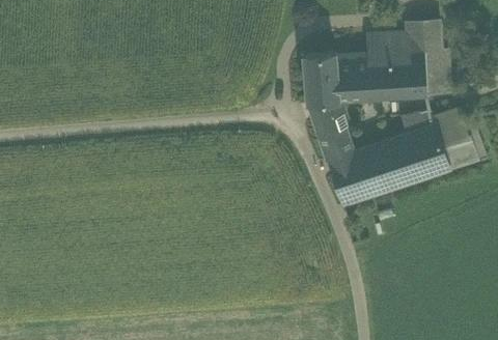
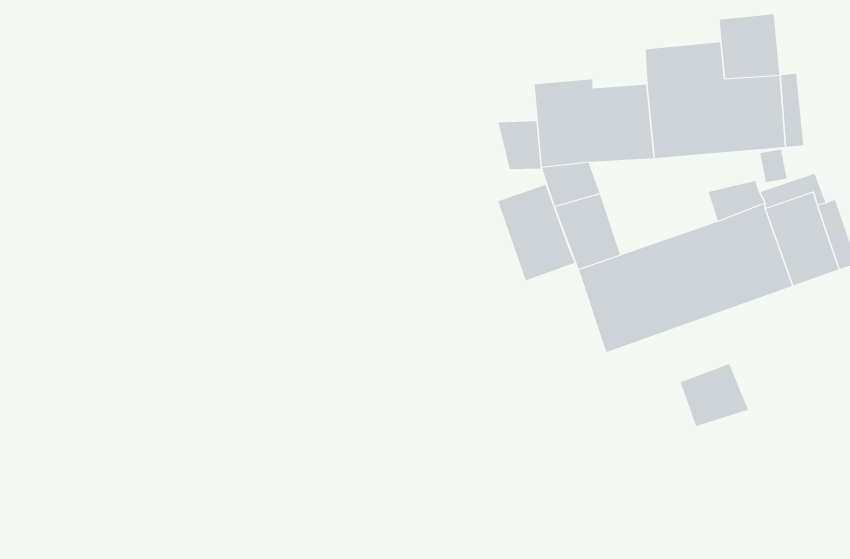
building: none -> [498,120,541,170]
building: none -> [498,184,575,281]
building: none -> [680,363,749,427]

